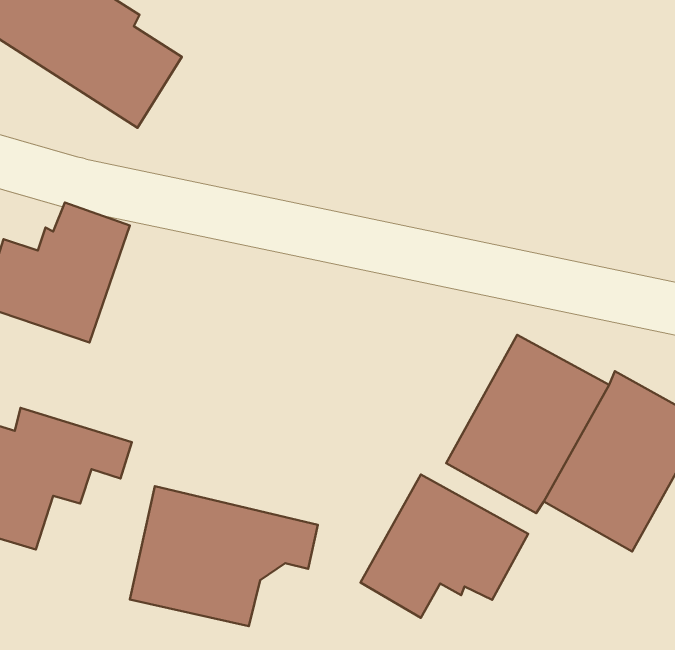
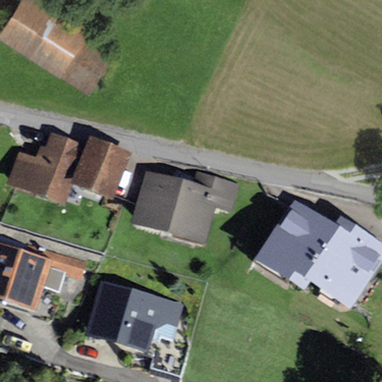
building: none -> [71,135,130,202]
building: none -> [129,170,239,247]
building: [361,475,528,618] -> none

